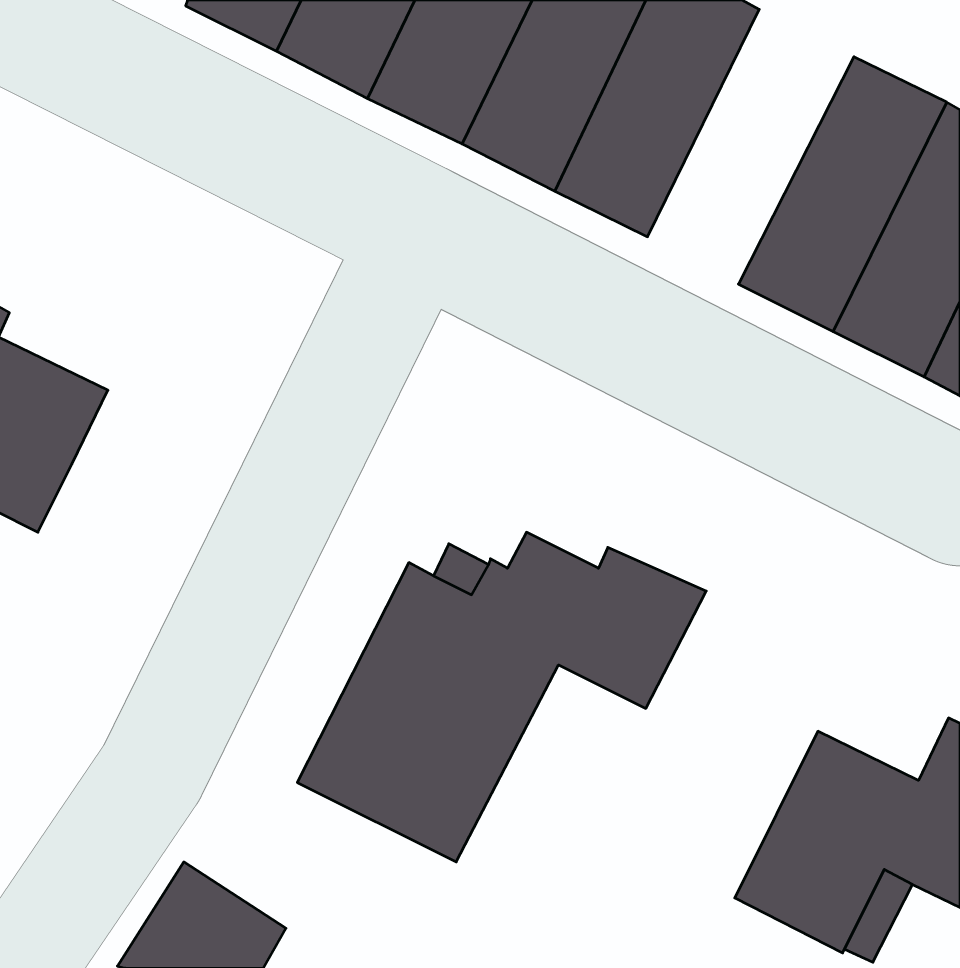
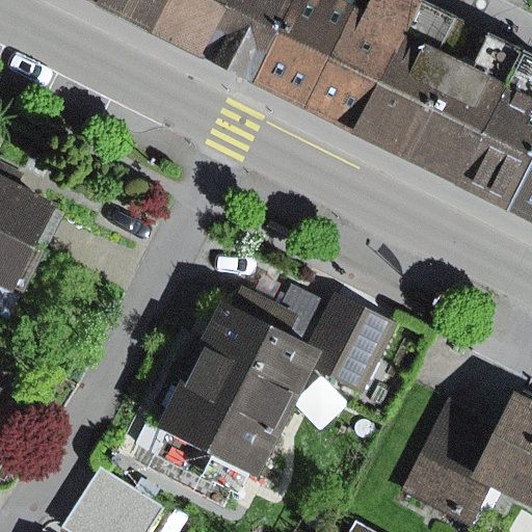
building: none -> [355,5,469,156]

